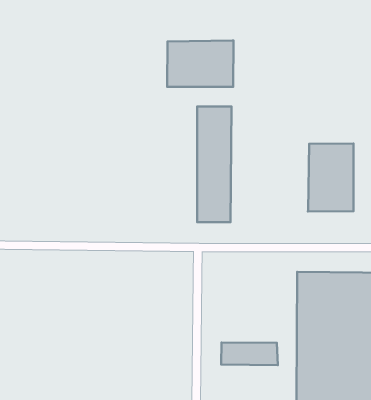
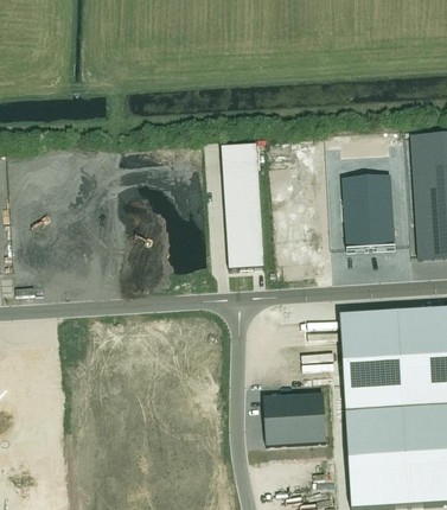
building: [167,40,234,87] -> none
building: none -> [264,415,326,444]

